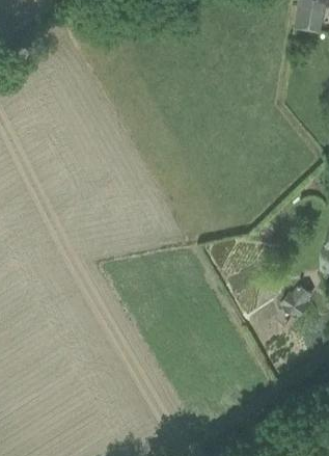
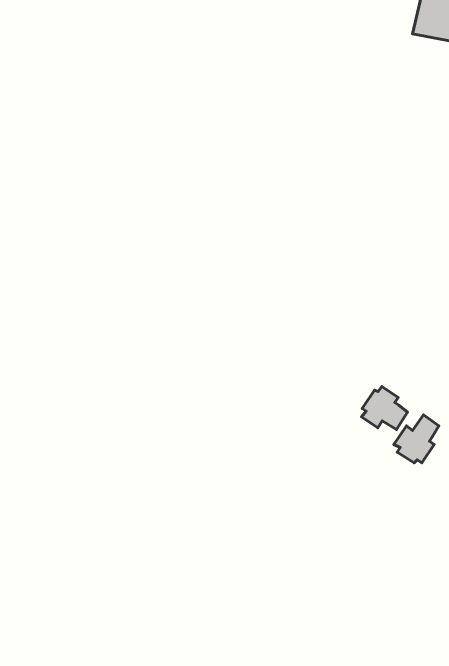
building: none -> [361,386,408,430]

